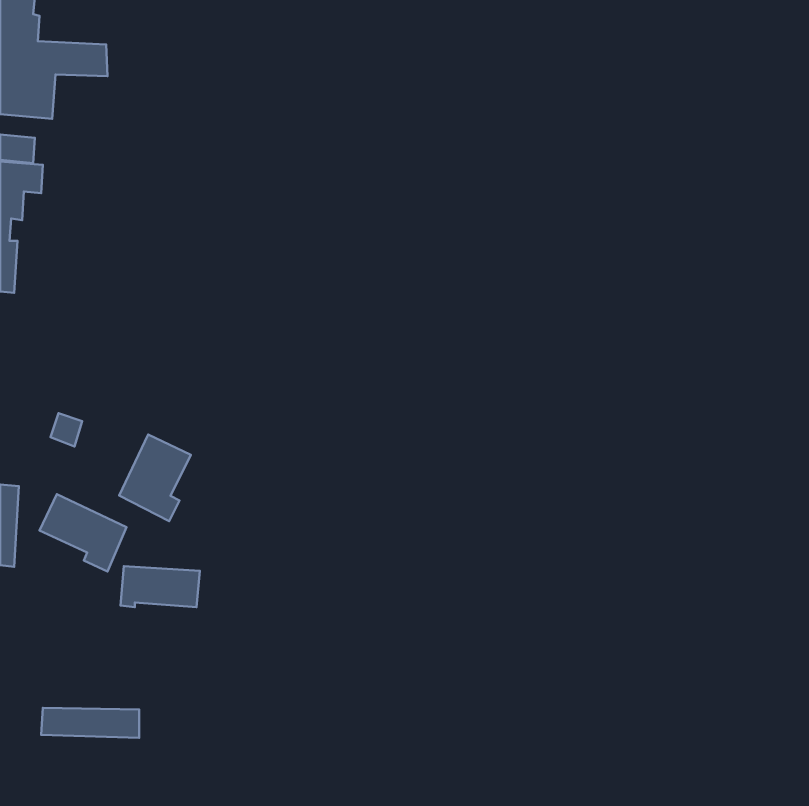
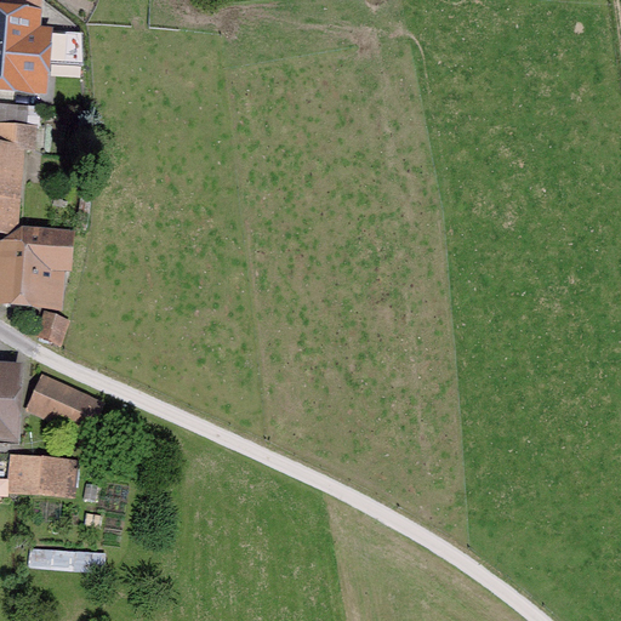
building: none -> [5,243,69,301]
building: [119,434,191,521] -> none
building: [121,566,200,607] -> [11,460,72,491]

